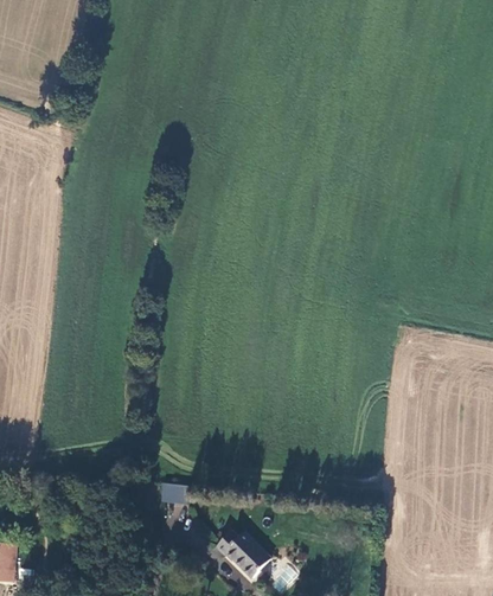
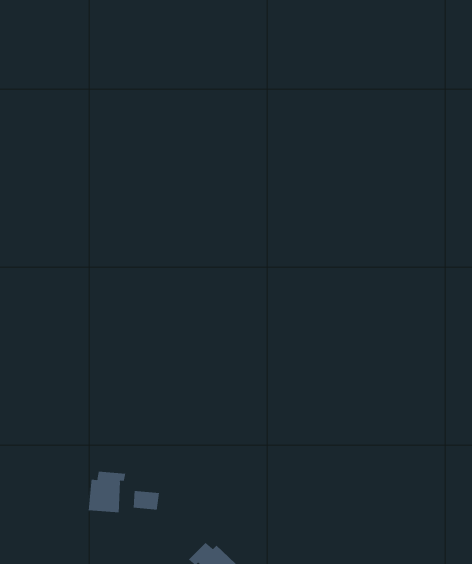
building: none -> [88,471,126,513]

